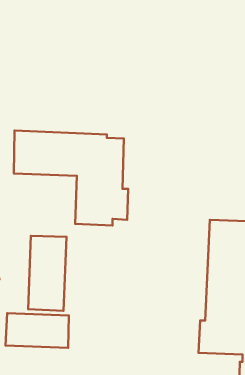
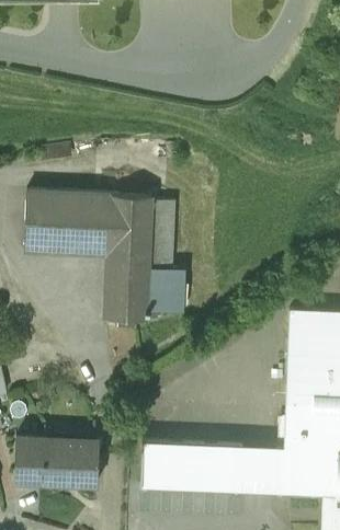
building: [28,236,66,311] -> none
building: none -> [141,442,277,492]

